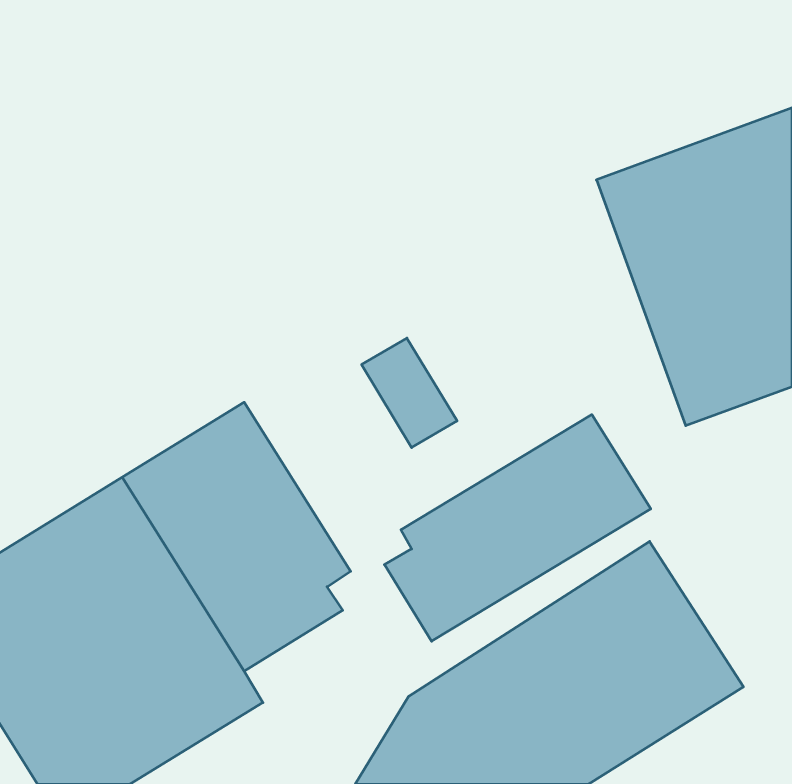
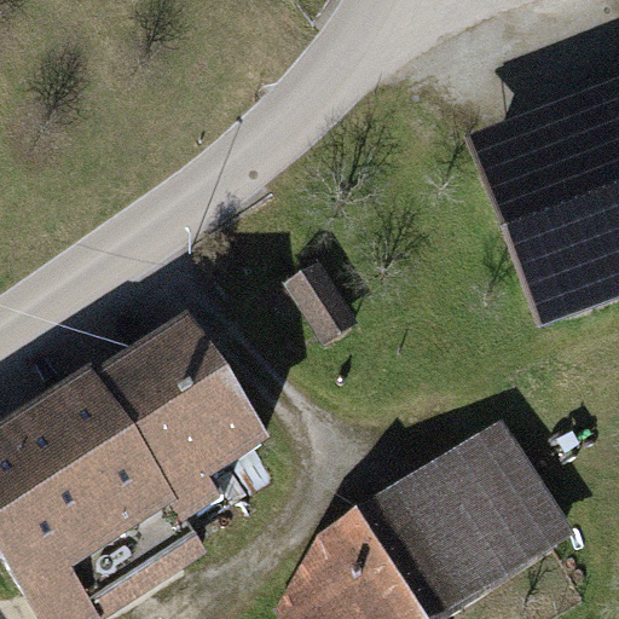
building: [384,415,651,641] -> none

